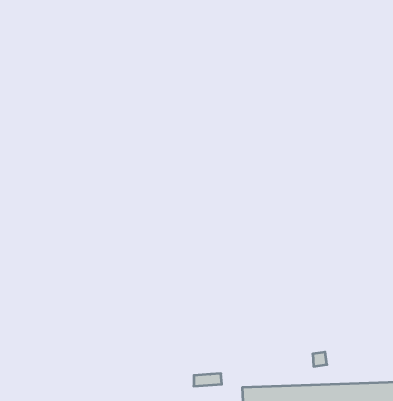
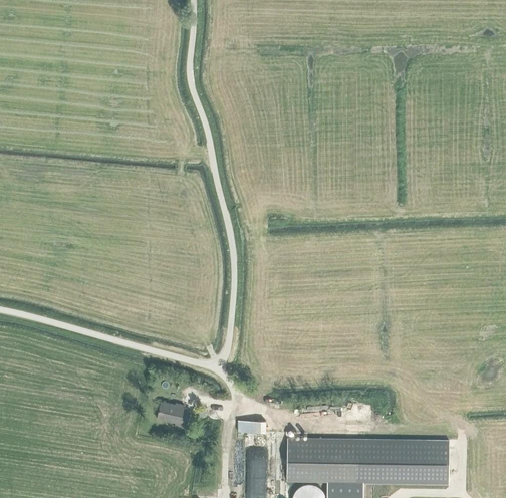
building: none -> [157,402,189,430]

